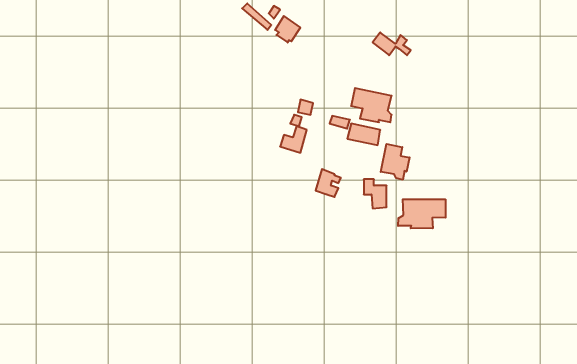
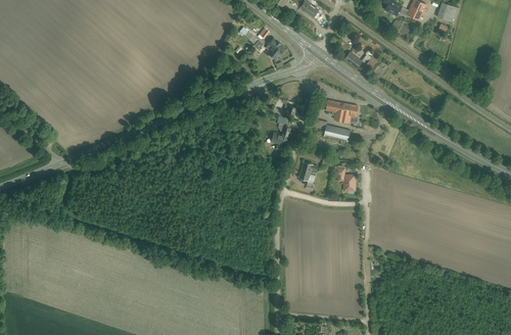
building: [381,144,410,180] -> none
building: [398,199,446,228] -> none

